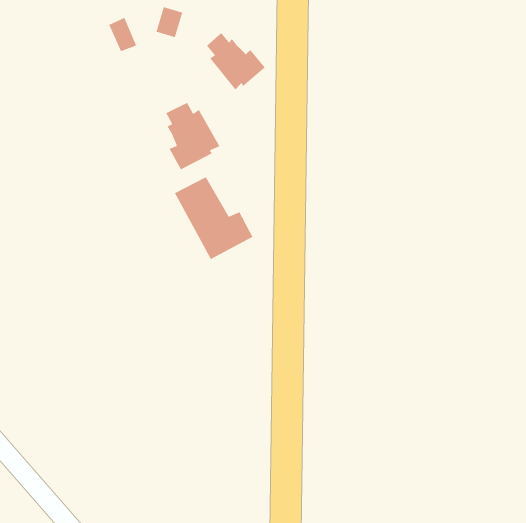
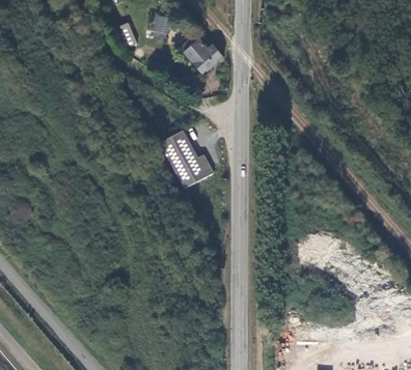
building: [165,102,220,171] -> none

